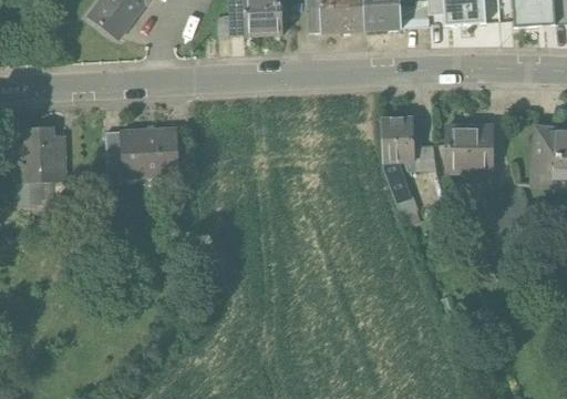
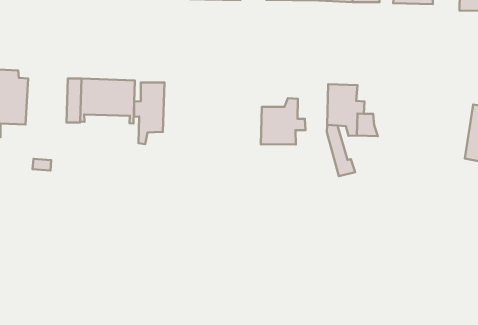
building: [446,124,492,170] -> none
building: none -> [134,82,164,144]
building: none -> [261,98,305,145]

